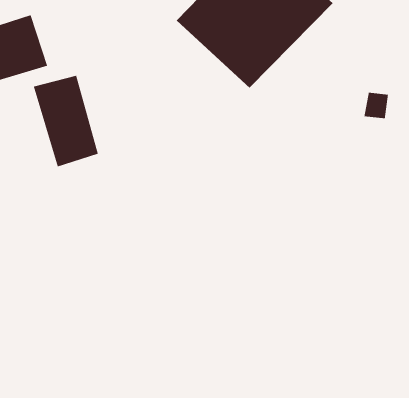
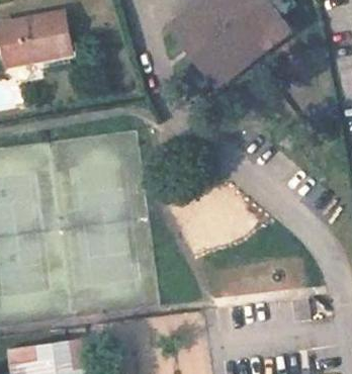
building: [33,75,99,168] -> none

